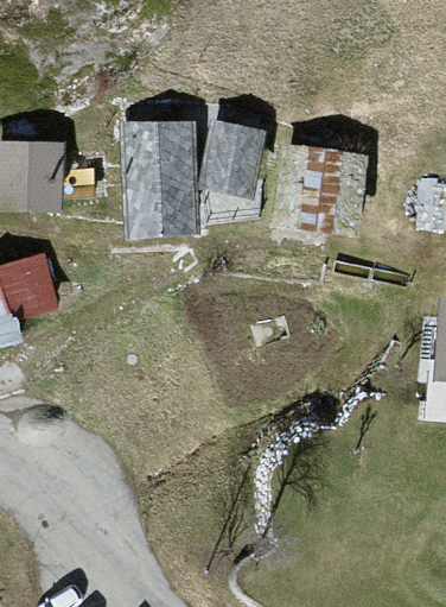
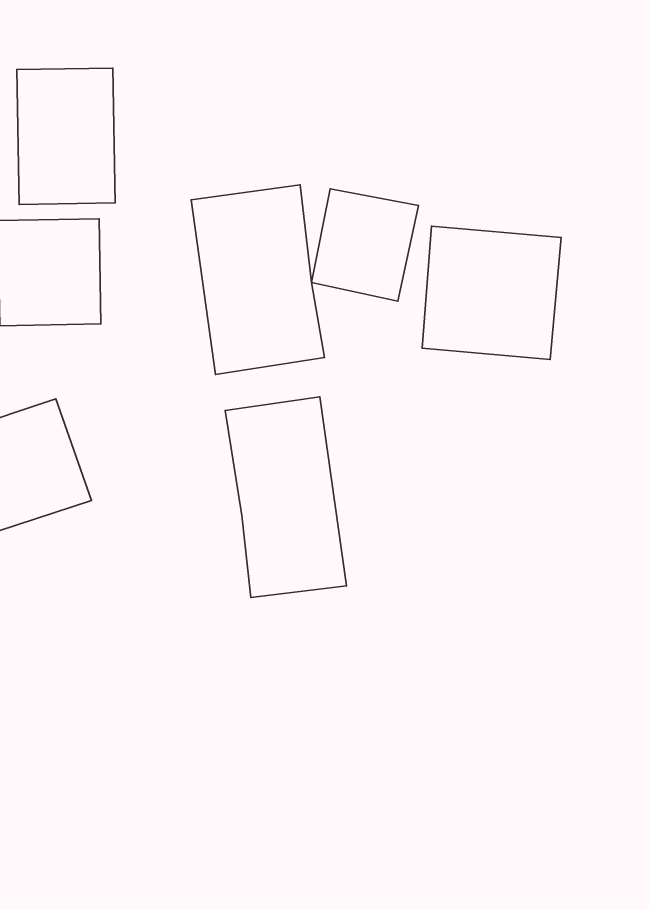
building: none -> [17,68,115,204]
building: none -> [225,397,346,597]

